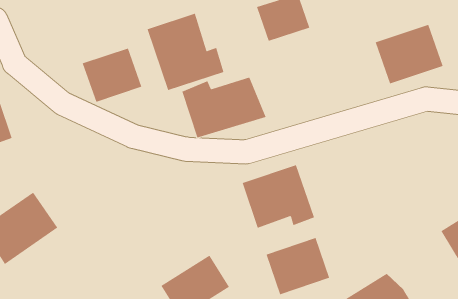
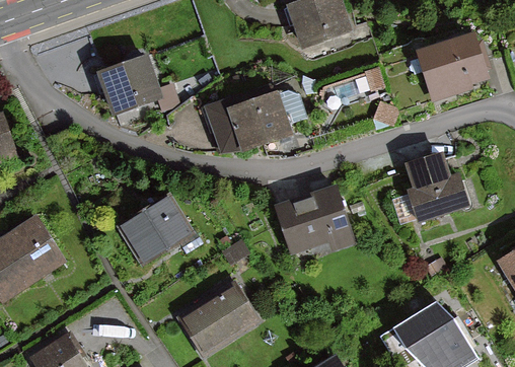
building: [147,13,224,91] -> none
building: none -> [401,151,467,223]
building: none -> [119,193,194,263]
building: [266,237,330,295] -> none

